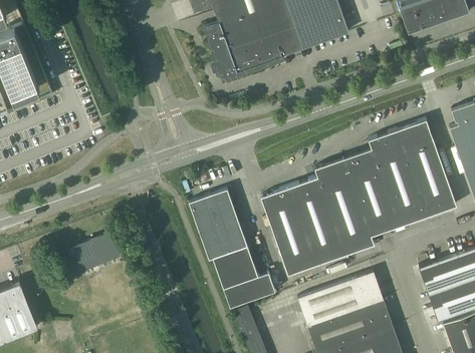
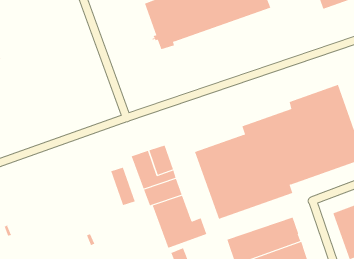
building: none -> [111,167,135,206]
building: [72,234,120,273] -> none

